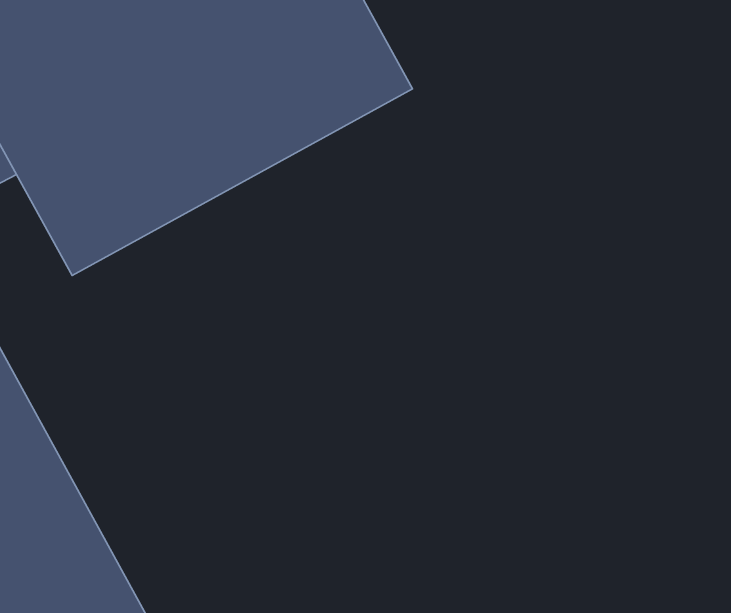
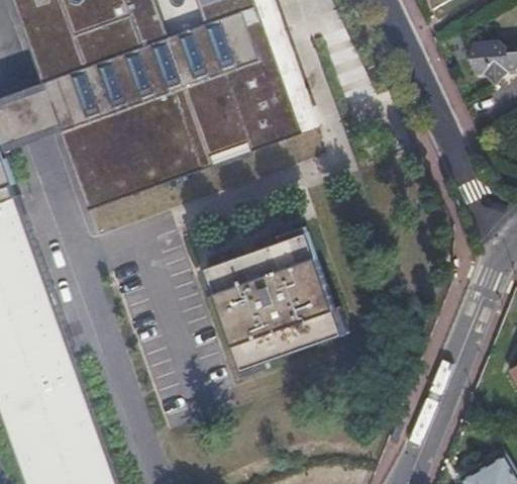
building: none -> [202,231,340,368]

